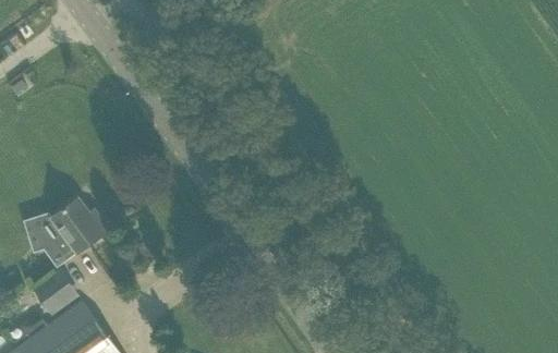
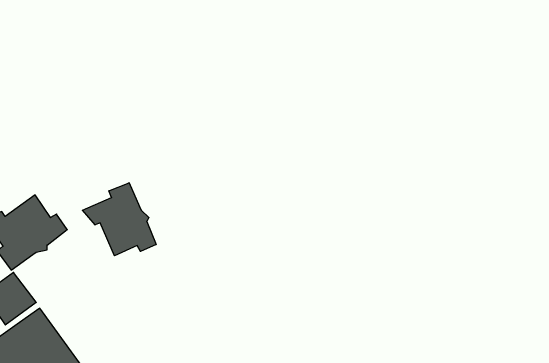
building: none -> [82,183,156,256]

